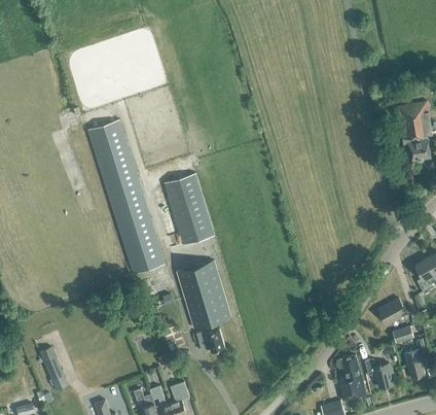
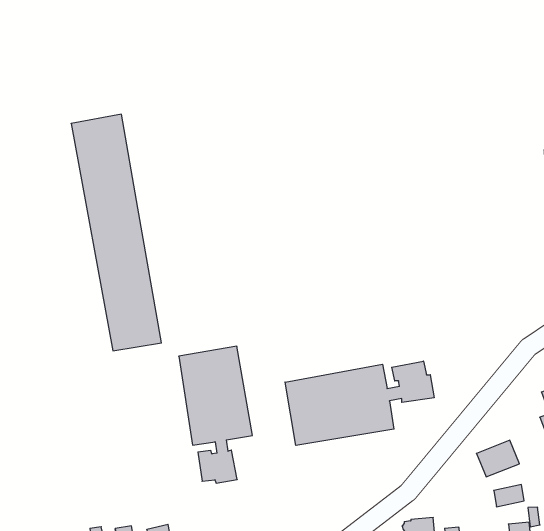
building: [165,174,214,245] -> none
building: none -> [285,361,434,445]

